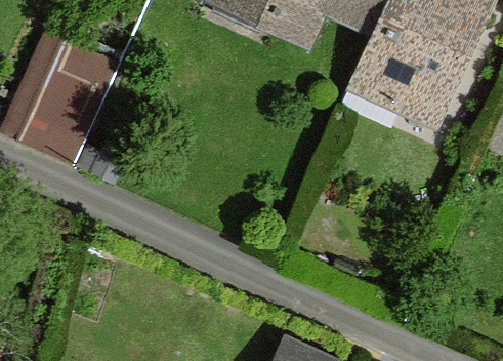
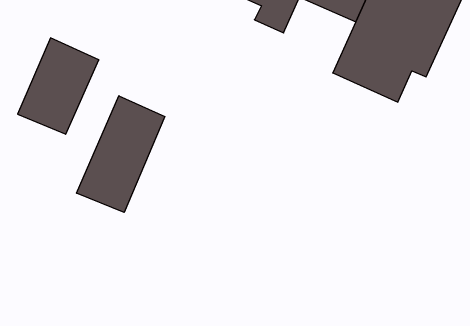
building: none -> [77,96,165,212]

